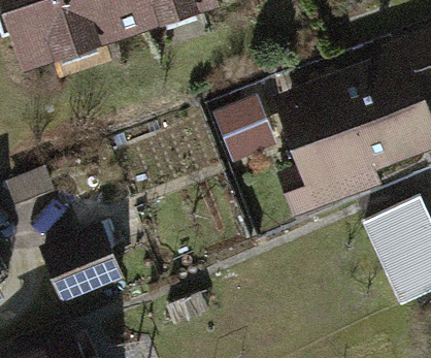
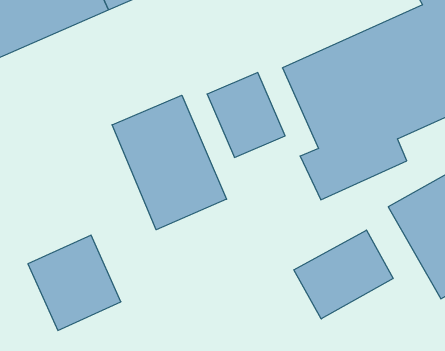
building: none -> [112,95,227,230]
building: none -> [294,230,393,319]

